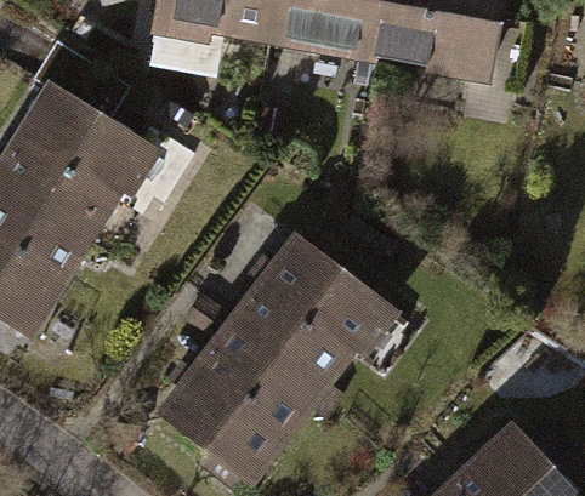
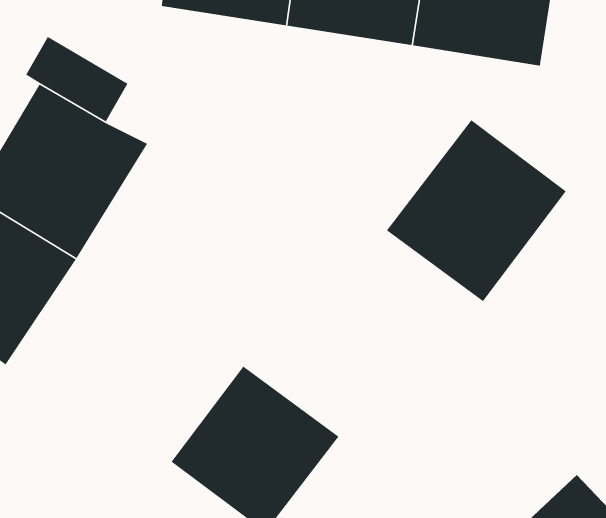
building: none -> [386,119,567,302]
building: [228,246,379,397] -> none

